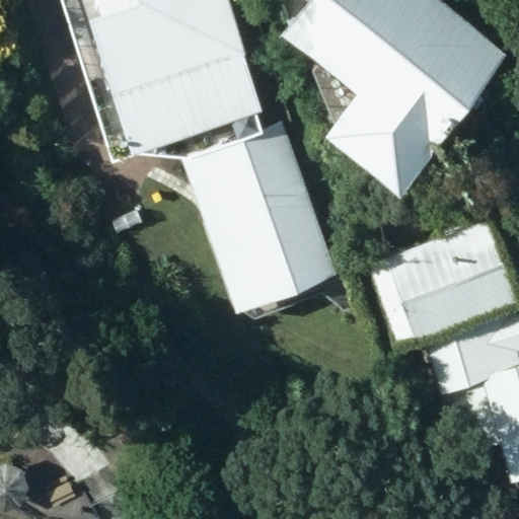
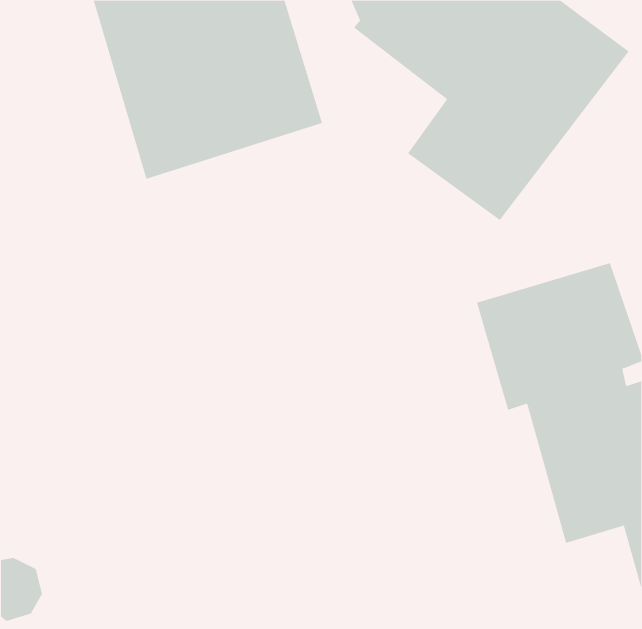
building: [183,121,336,313] -> none

